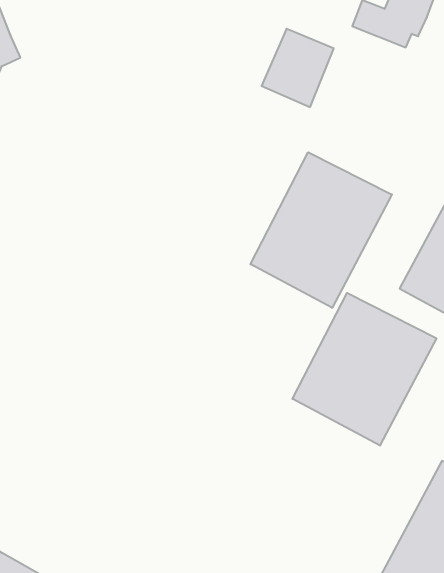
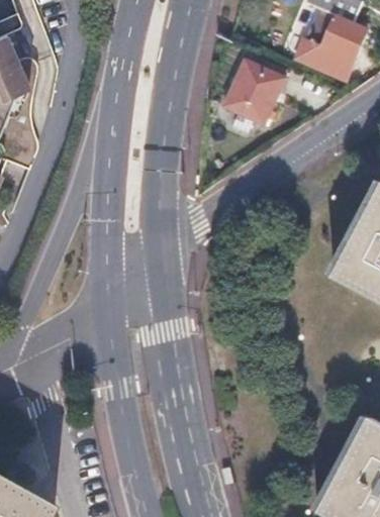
building: [250,152,392,308] -> none
building: [292,293,436,446] -> none

